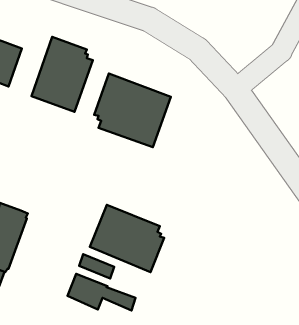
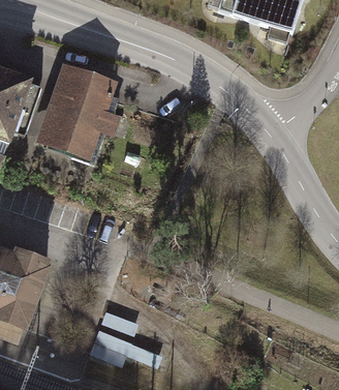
building: [94,74,171,147] -> none
building: [90,205,164,272] -> none

